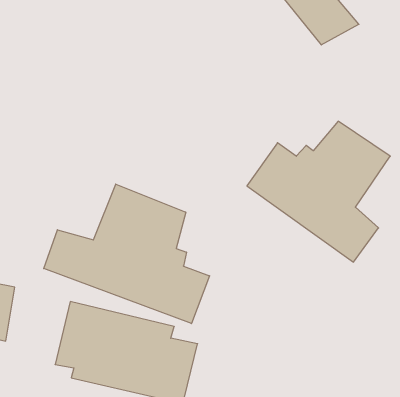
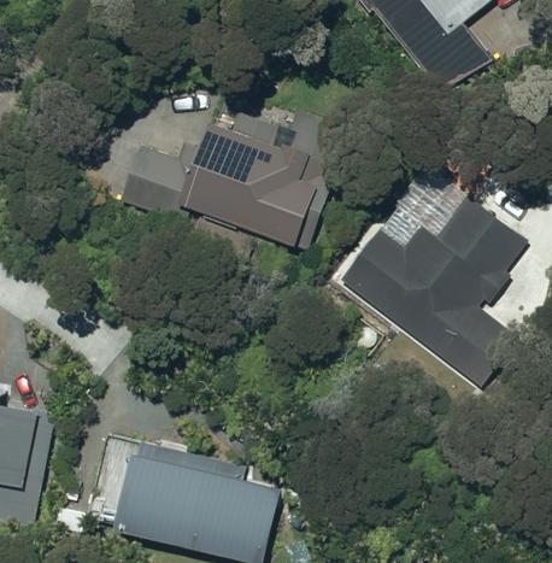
building: none -> [118,111,348,252]
building: [44,184,210,324] -> none

